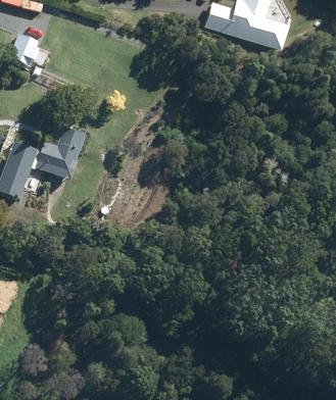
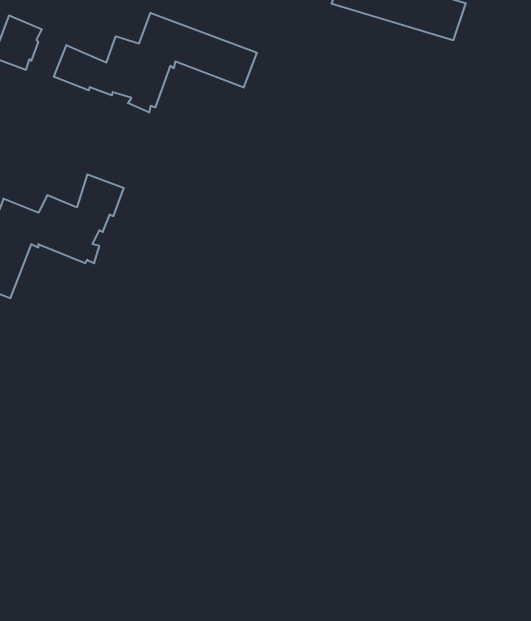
building: none -> [54,13,257,113]

